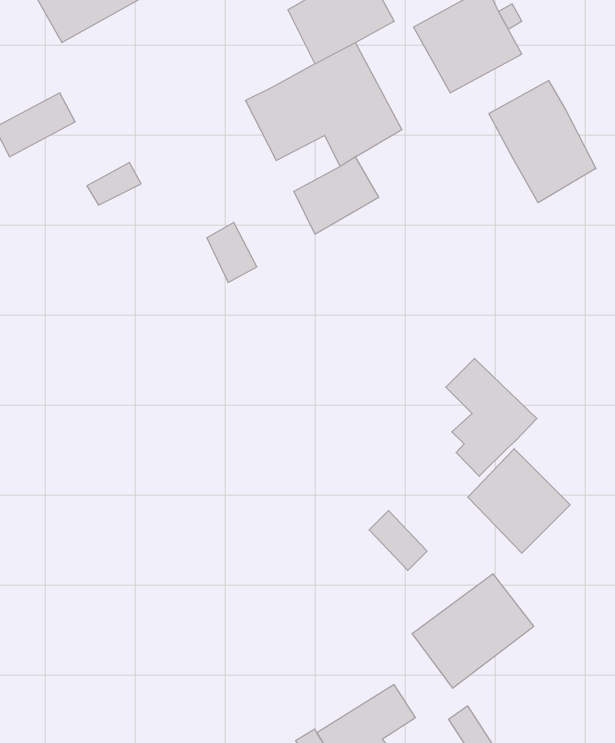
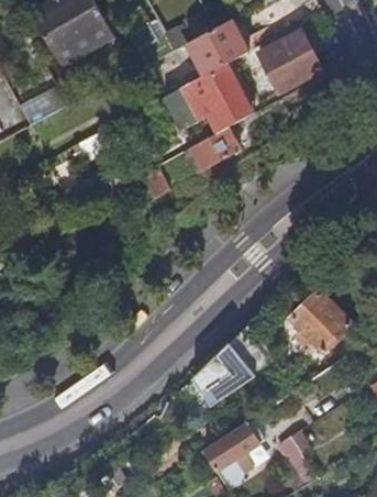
building: [489,80,596,203] -> none
building: [446,358,537,476] -> none
building: [412,574,534,688] -> [187,342,256,407]

